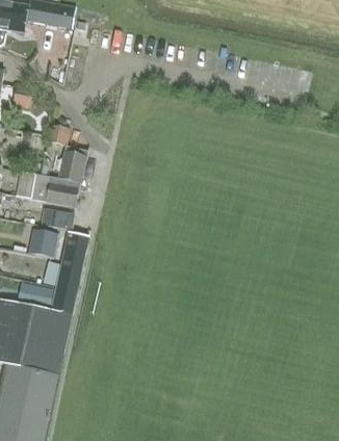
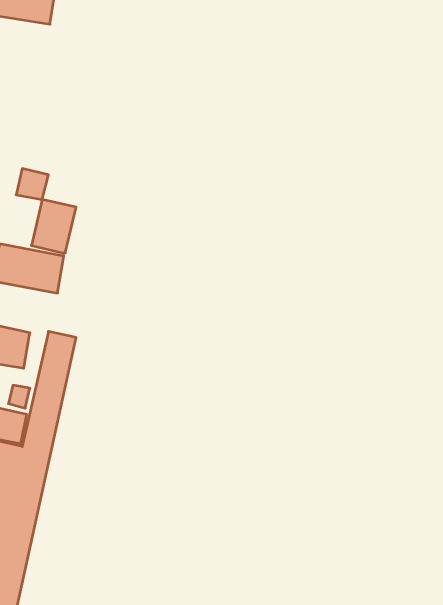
building: [41,207,75,230] -> none

